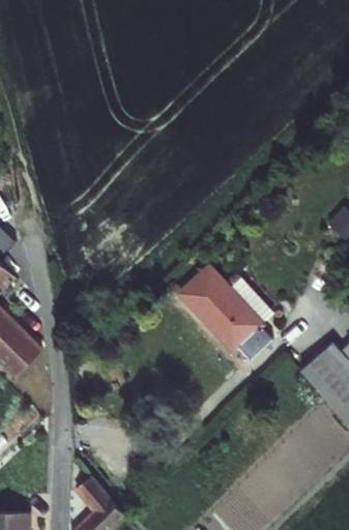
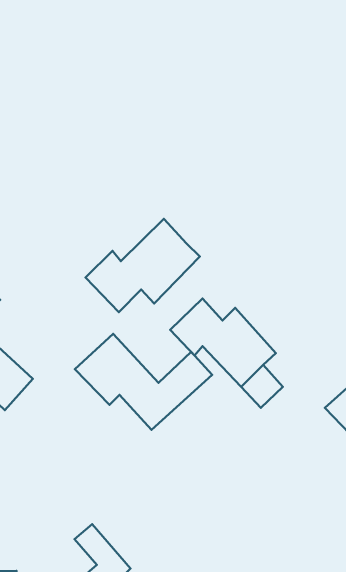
building: none -> [85,219,200,312]
building: none -> [75,334,212,430]

